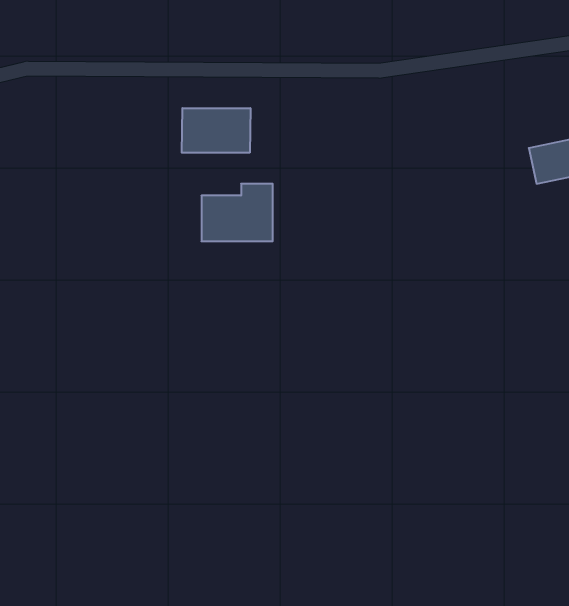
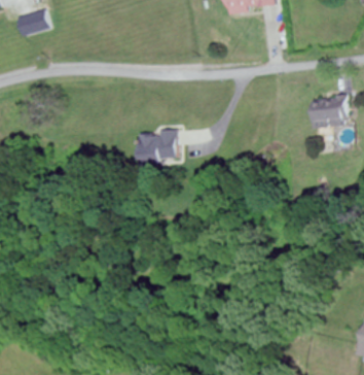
building: [182,108,250,153] -> none

